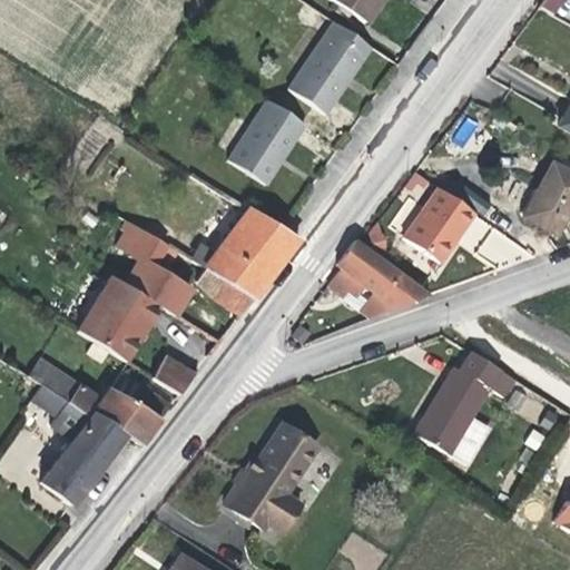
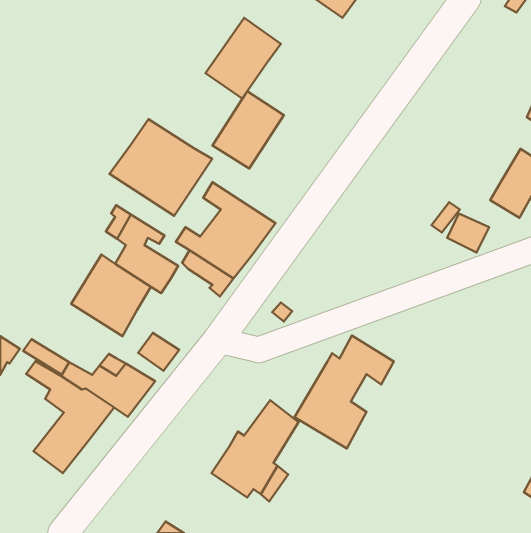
building: [289,27,370,112] -> [205,18,281,98]
building: none -> [109,119,212,216]
building: [399,184,470,259] -> none
building: [328,239,425,313] -> none
building: [416,356,522,476] -> [294,335,394,448]

